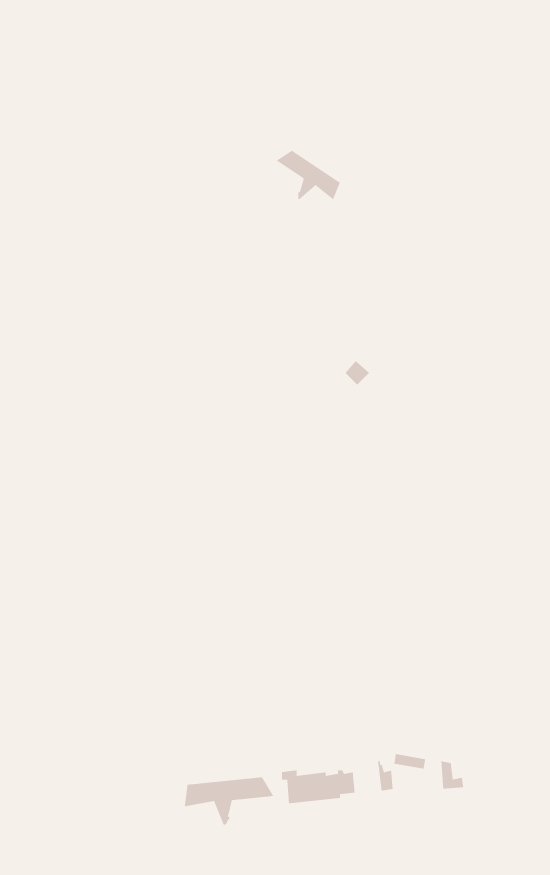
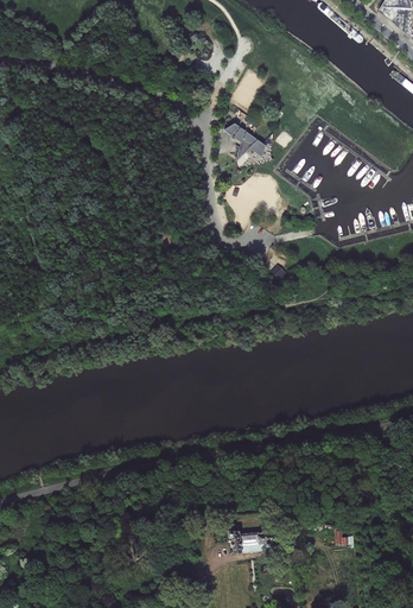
building: [184,776,274,826] -> none

